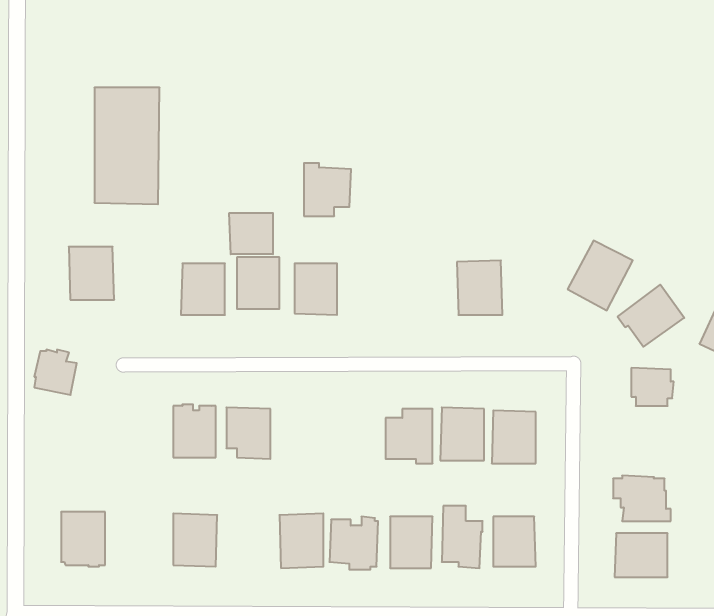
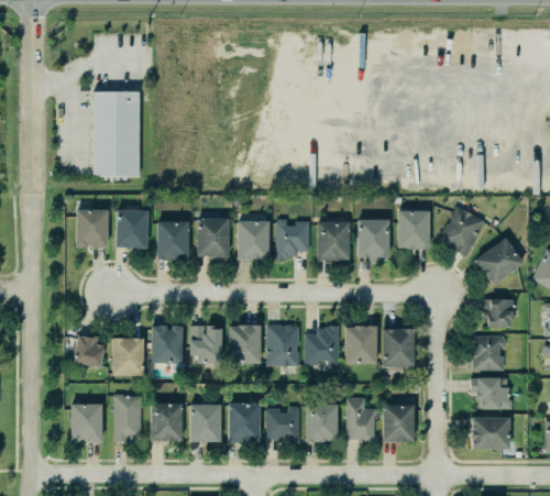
building: [304,163,351,216] -> [276,220,310,258]
building: [229,213,273,254] -> none
building: none -> [396,209,429,249]
building: none -> [116,210,147,250]
building: none -> [317,221,349,260]
building: [34,350,77,395] -> [73,334,103,367]
building: none -> [227,324,260,363]
building: none -> [266,326,299,366]
building: none -> [470,335,505,371]
building: none -> [111,338,143,376]
building: none -> [113,395,141,441]
building: none -> [189,405,221,443]

